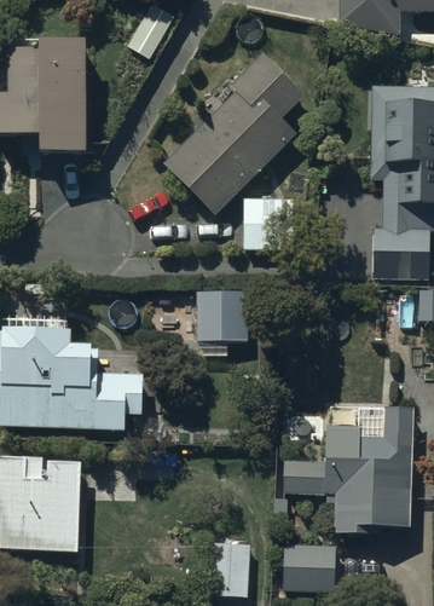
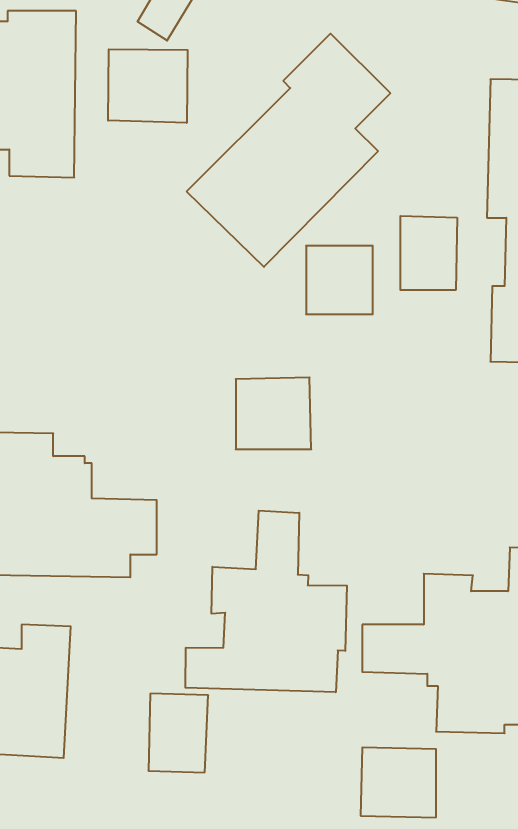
building: none -> [108,49,188,123]
building: none -> [400,216,457,290]
building: none -> [185,511,347,692]
building: [209,542,250,596] -> [148,694,208,772]

